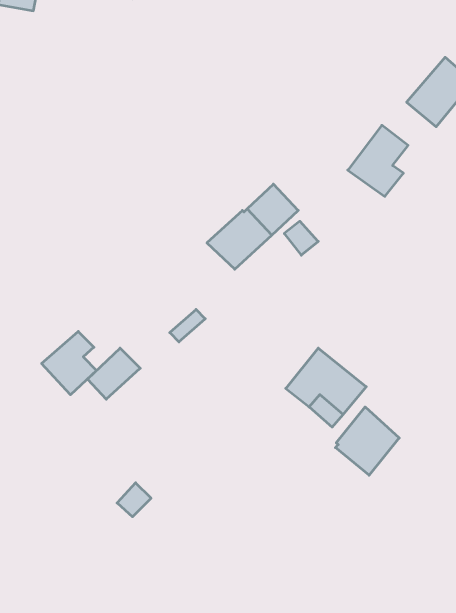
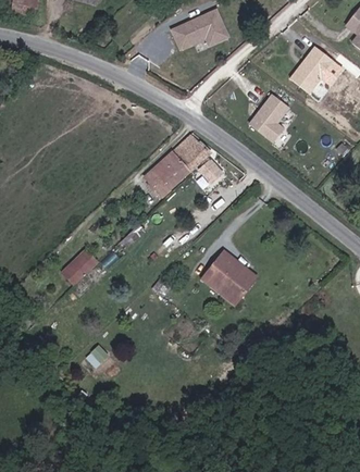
building: none -> [172,11,226,46]
building: [42,331,96,395] -> none
building: [335,407,399,475] -> none

